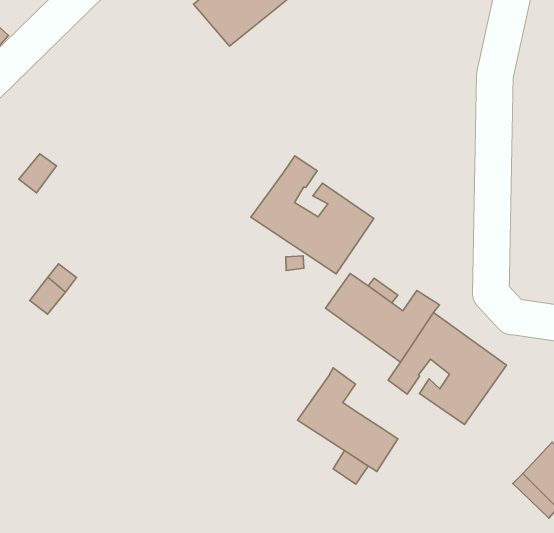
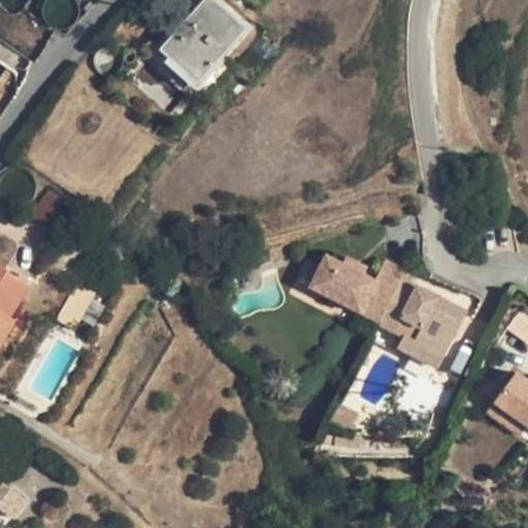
building: [251,156,374,274] -> none
building: [298,368,398,471] -> none

